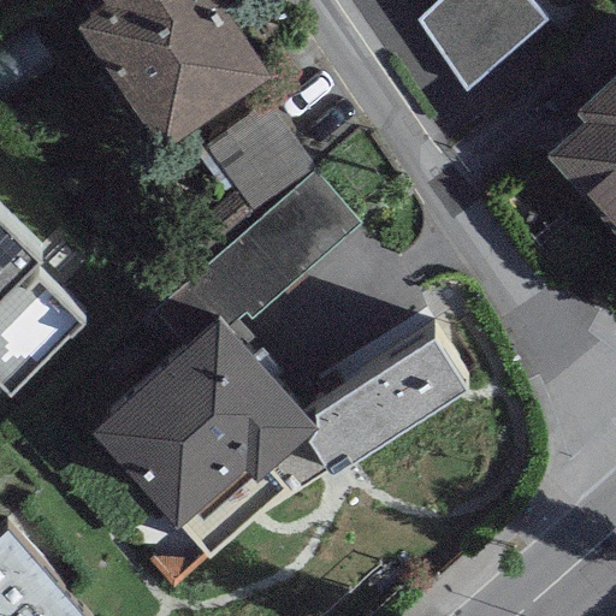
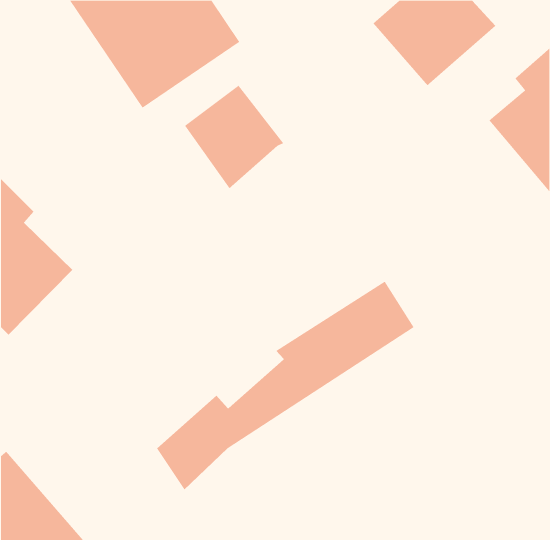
building: [202,174,357,322] -> none
building: [89,302,316,513] -> none

